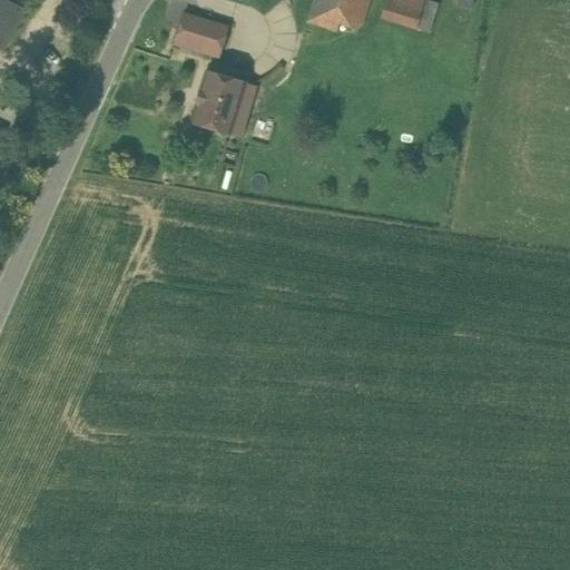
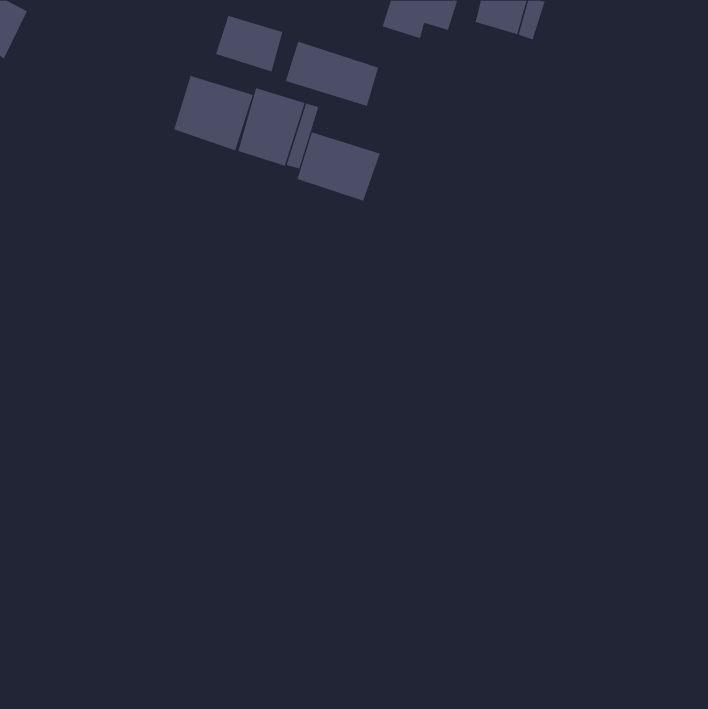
building: none -> [285,41,379,107]
building: none -> [173,75,253,151]
building: none -> [297,132,380,201]

